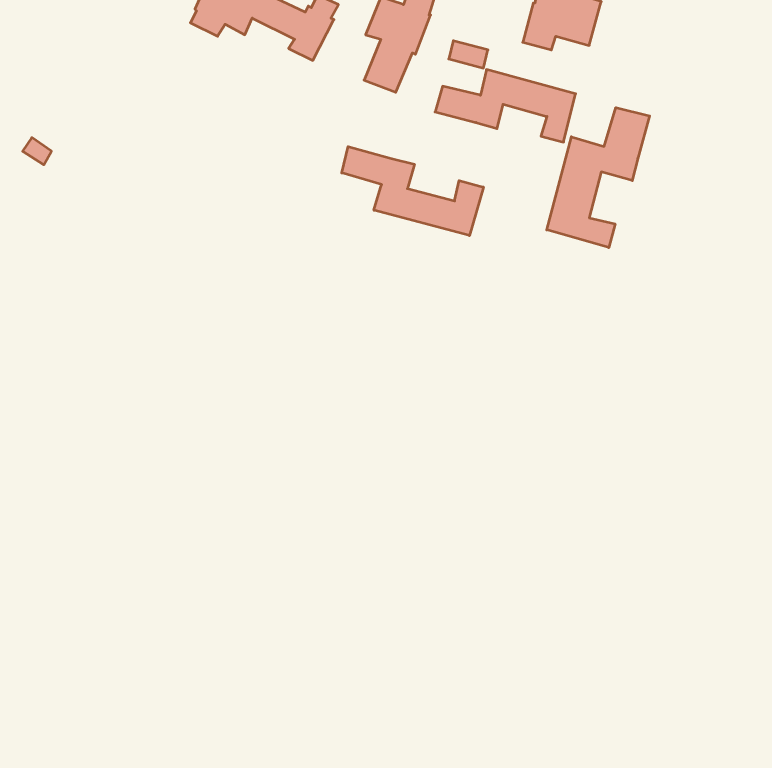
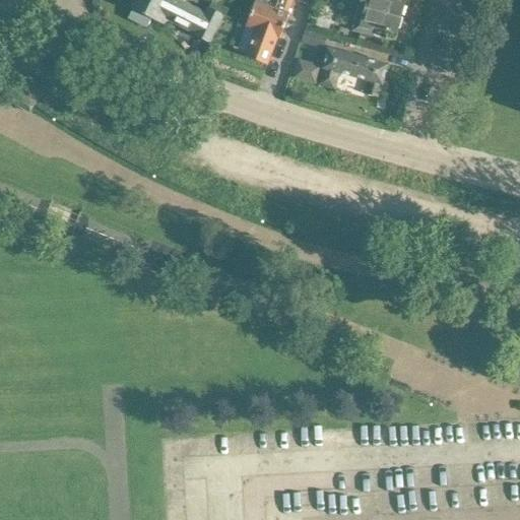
building: [547,108,650,248] -> none
building: [342,147,483,236] -> none

